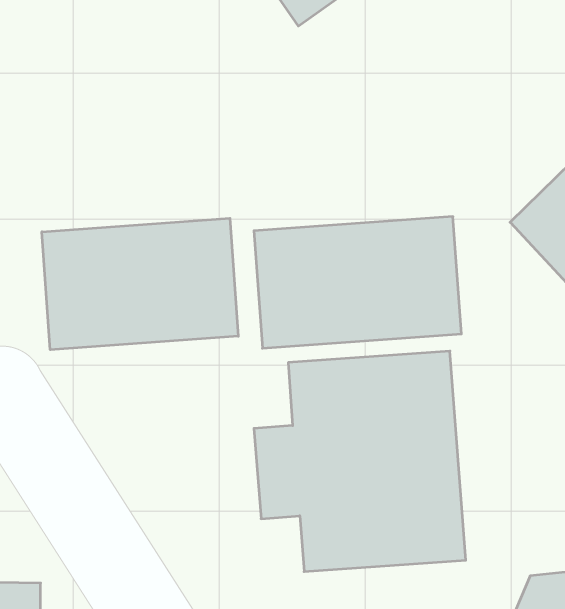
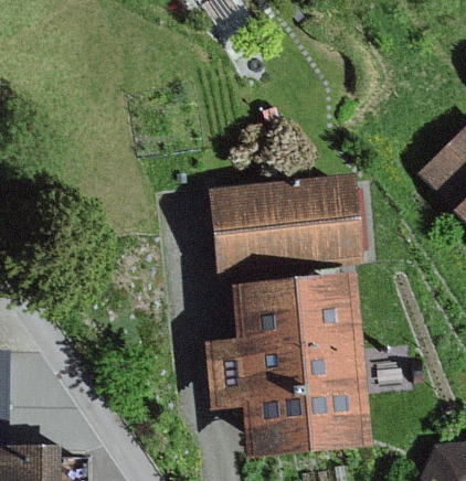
building: [42,218,238,350] -> none

